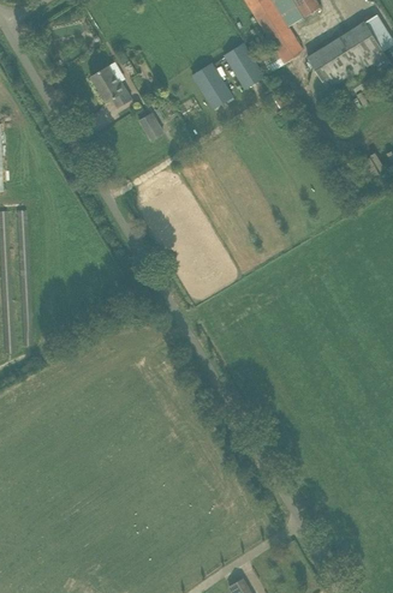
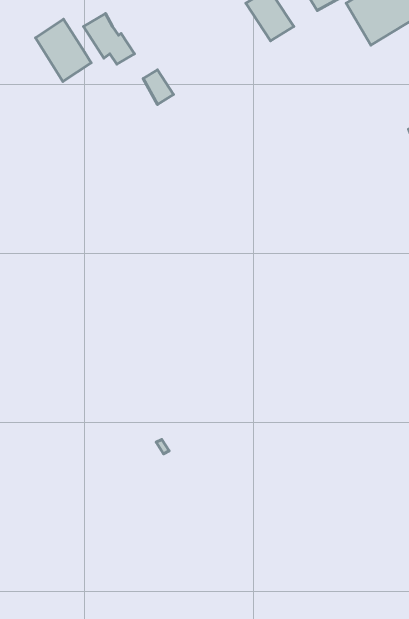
building: [193,62,232,107] -> none
building: none -> [35,19,91,81]

